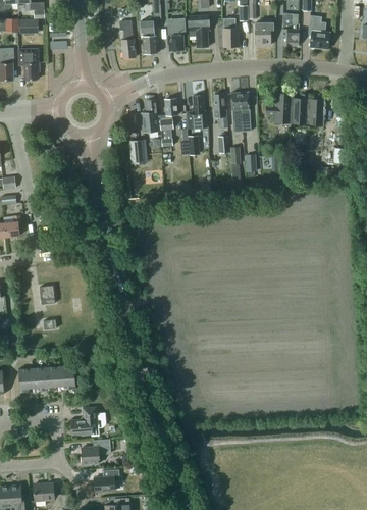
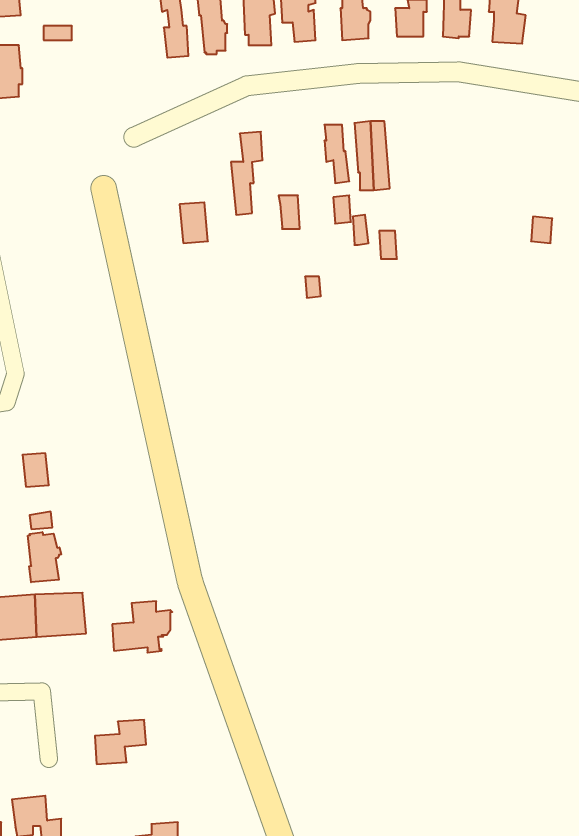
building: [266,94,324,124] -> none
building: [186,96,207,130] -> none
building: [141,100,158,133] -> none
building: none -> [28,532,61,582]
building: [70,407,105,437] -> [112,601,172,653]
building: [94,469,119,492] -> none

